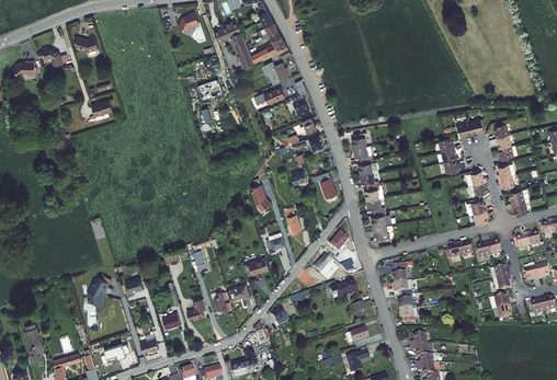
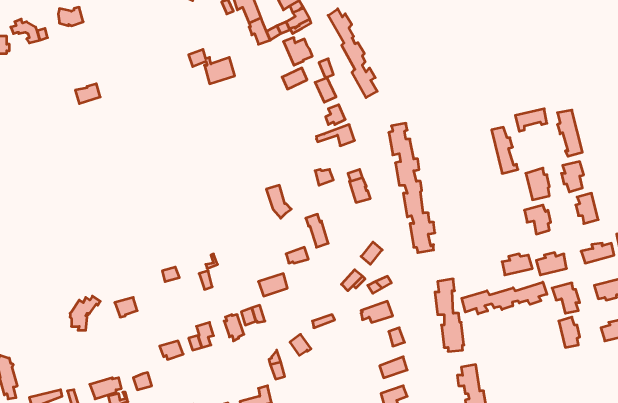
building: none -> [328,9,377,98]
building: none -> [462,282,547,314]

